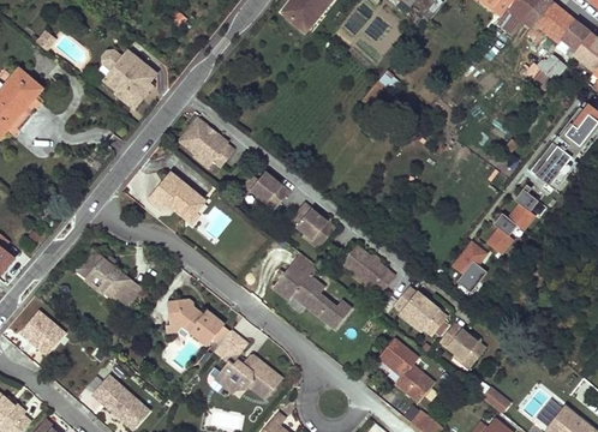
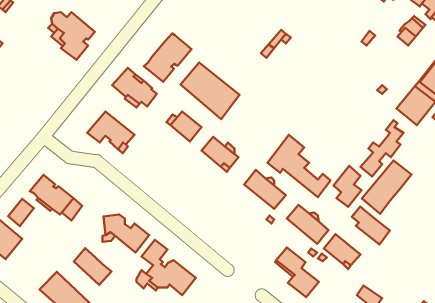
building: none -> [144,33,191,82]
building: none -> [181,63,239,119]
building: none -> [362,160,412,214]
building: [274,252,352,329] -> [267,135,330,197]
building: none -> [8,199,34,226]
building: none -> [352,207,390,244]
building: none -> [74,248,111,285]

